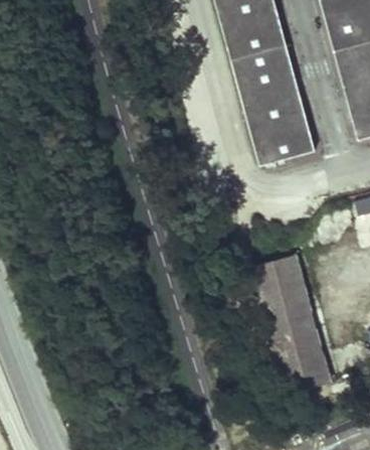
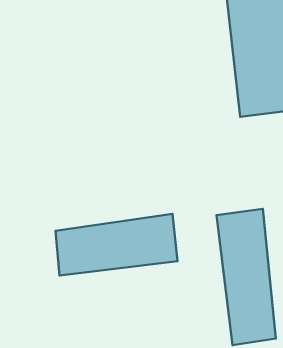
building: none -> [55,214,178,275]

